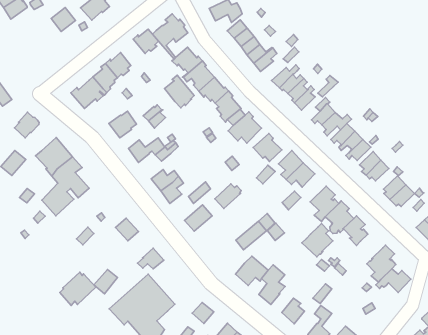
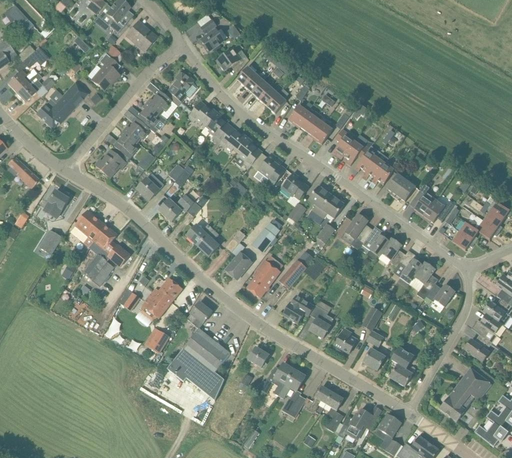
building: none -> [35,95,75,129]
building: [165,75,194,108] -> [136,102,166,133]
building: none -> [246,259,280,298]
building: [302,224,333,257] -> [392,250,422,283]
building: [60,272,96,306] -> [139,287,173,321]

